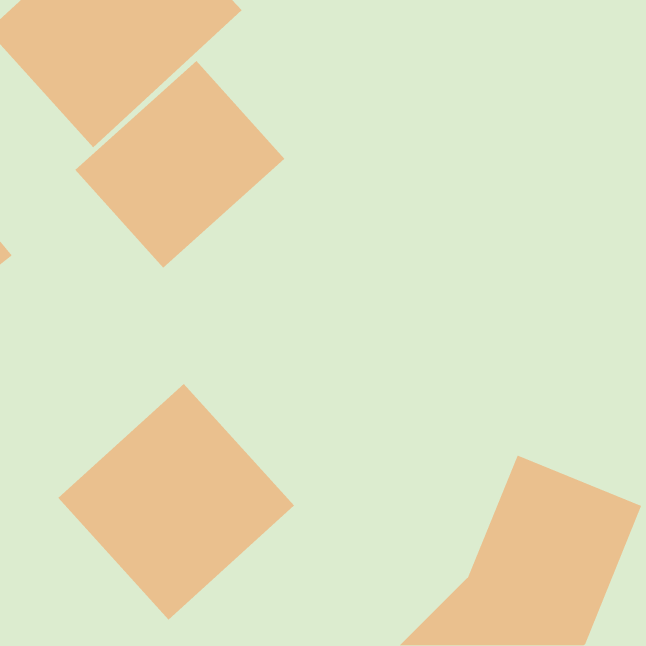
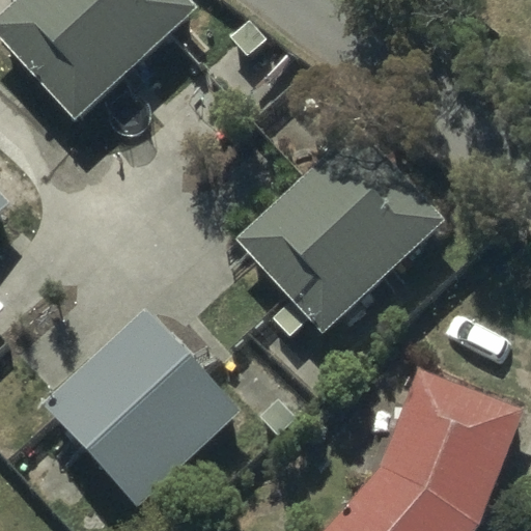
building: [74,60,285,268] -> none
building: none -> [237,132,442,335]

